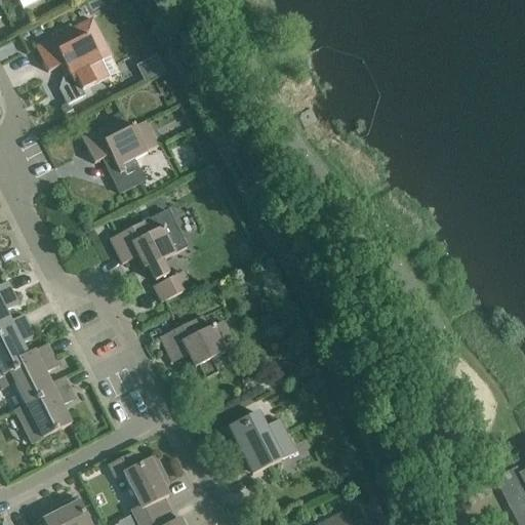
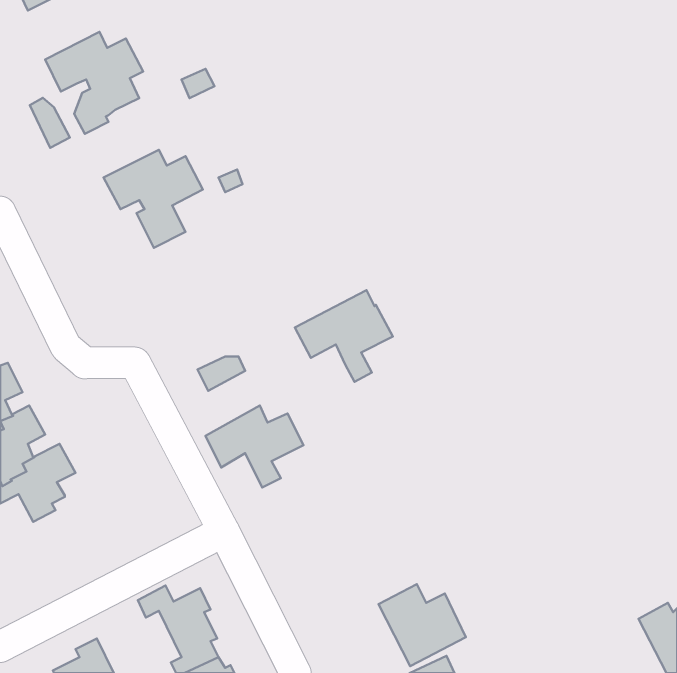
building: none -> [30,98,70,148]
building: [109,210,185,281] -> [295,290,393,382]
building: [16,377,75,442] -> none
building: [227,410,294,474] -> [378,584,466,666]

